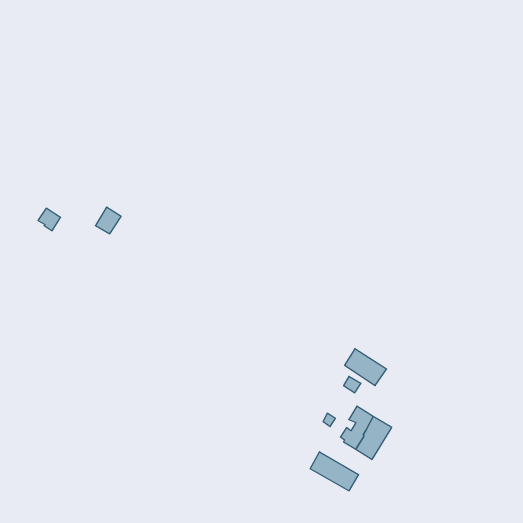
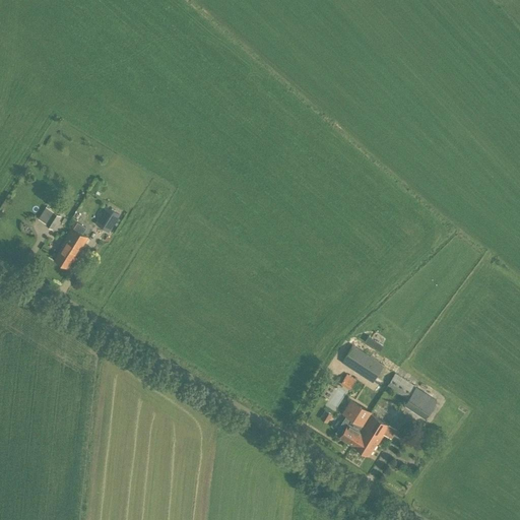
building: none -> [55,229,88,268]
building: none -> [388,374,438,418]
building: [310,452,359,491] -> none

